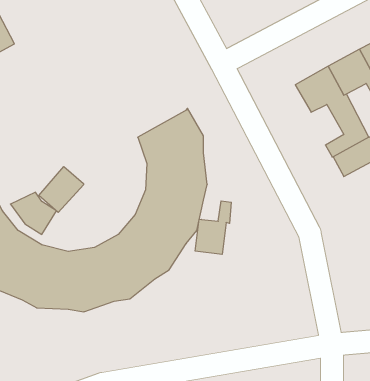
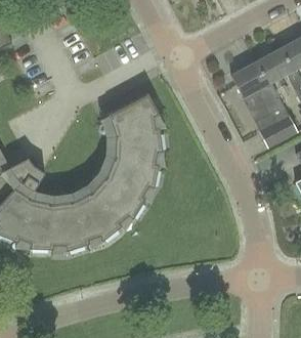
building: [39,167,83,212] -> none
building: [195,201,231,254] -> none

